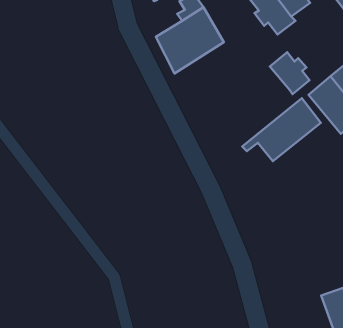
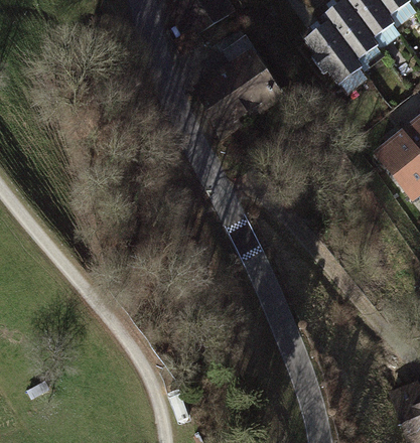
building: [270,52,310,94] -> none
building: [242,98,321,161] -> none

